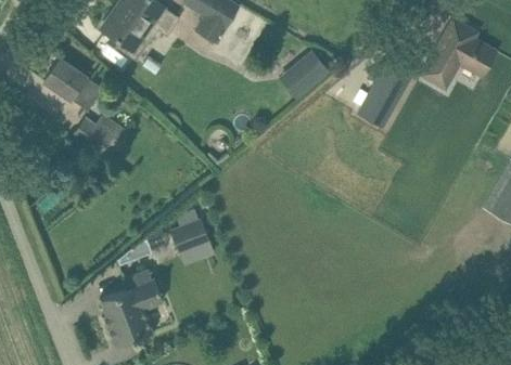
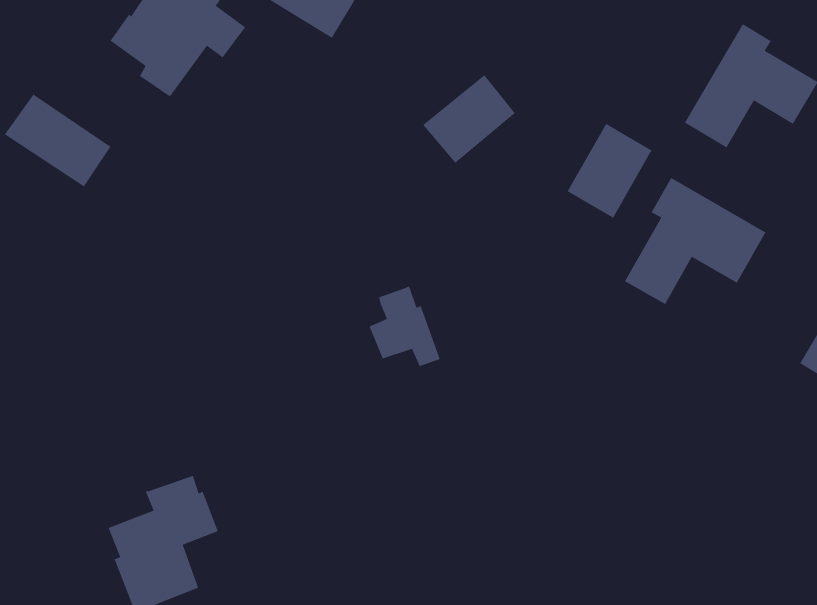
building: none -> [624,177,767,305]
building: [72,118,122,162] -> none
building: [171,210,212,256] -> [368,285,441,367]

